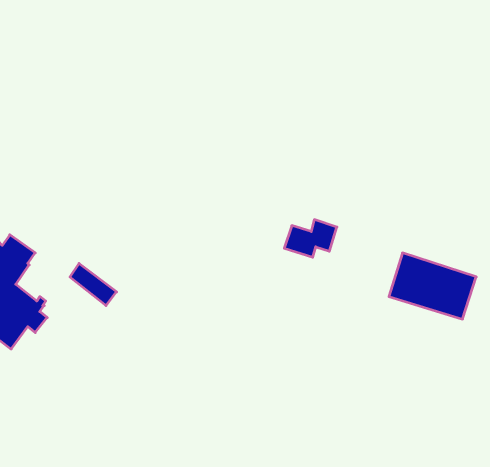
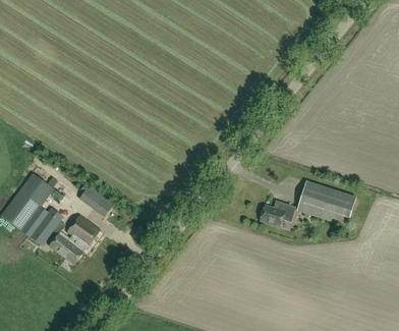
building: [284,220,337,257] -> [260,201,295,226]
building: none -> [49,215,100,264]

